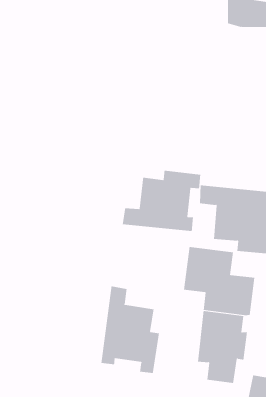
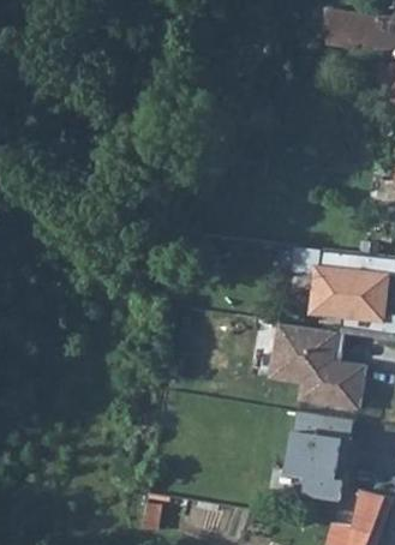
building: [122,170,201,232] -> none
building: [101,285,159,374] -> none

